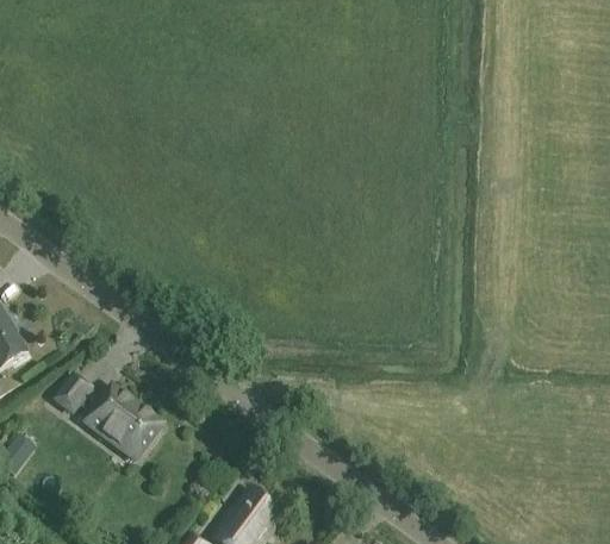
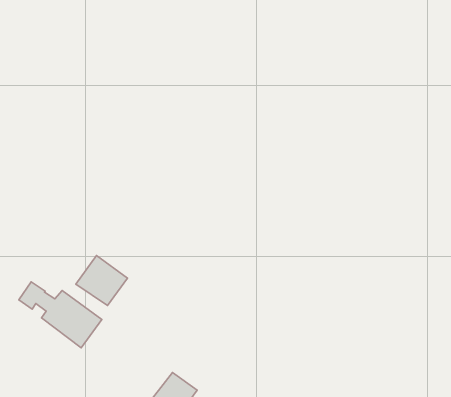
building: none -> [76,256,127,306]

